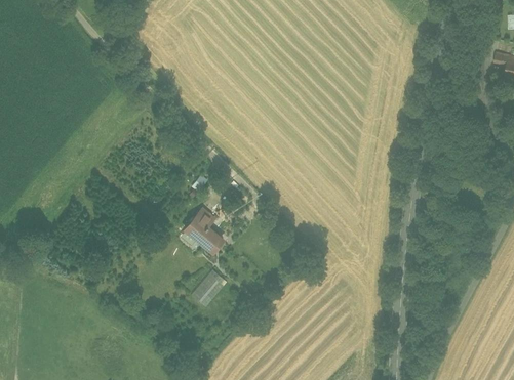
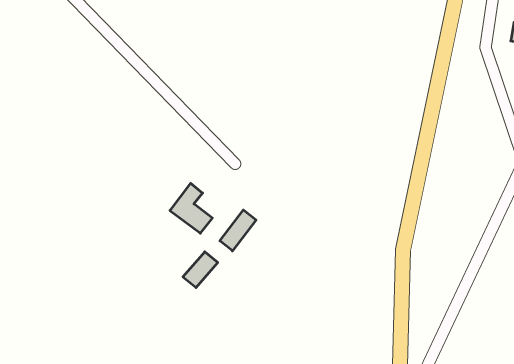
building: none -> [220,210,256,251]

